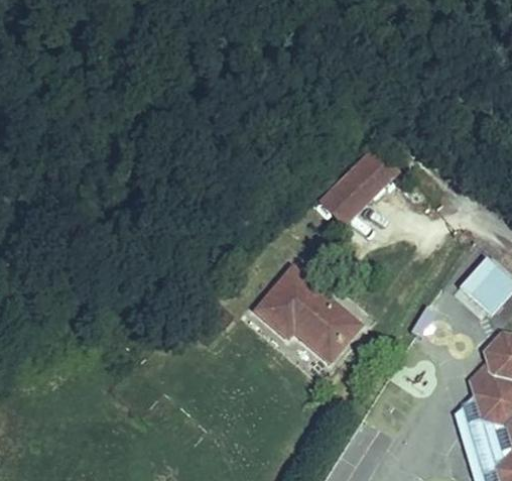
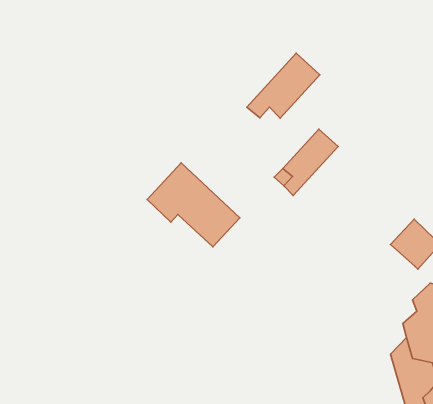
building: none -> [247,53,320,118]
building: [255,261,362,358] -> [147,163,240,247]

